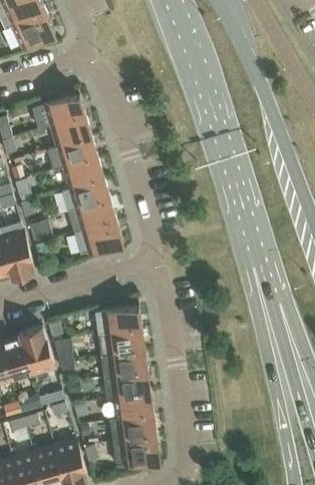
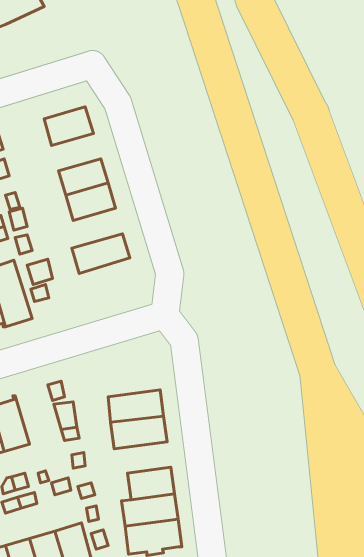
building: [12,10,54,46] -> none
building: [50,115,91,146] -> none
building: [61,177,109,210] -> none
building: [73,218,122,254] -> none
building: [94,305,140,334] -> none
building: [20,326,53,373] -> none
building: [102,371,149,398] -> none

